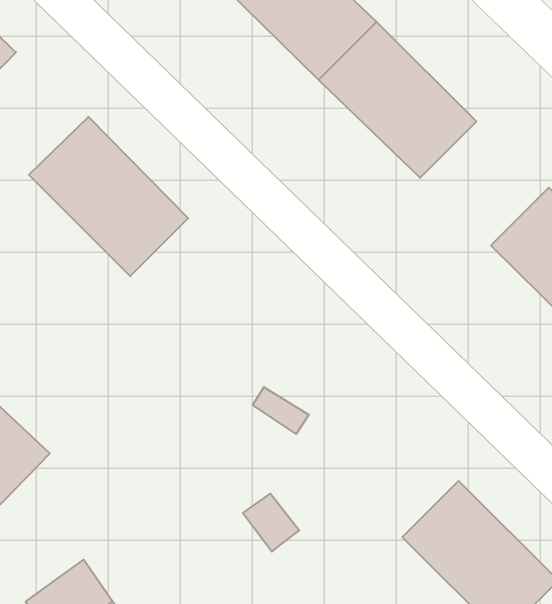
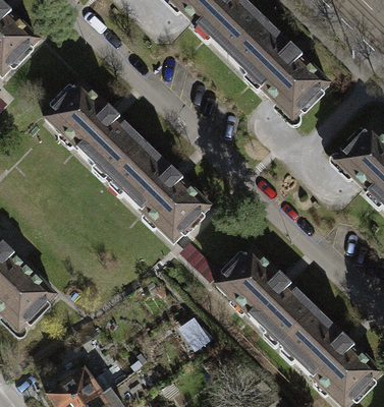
building: none -> [109,143,211,245]
building: none -> [217,247,317,345]

